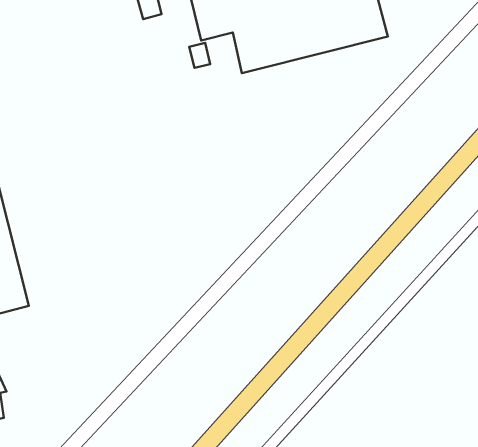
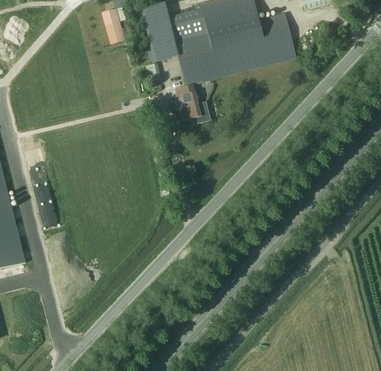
building: none -> [175,83,210,122]

